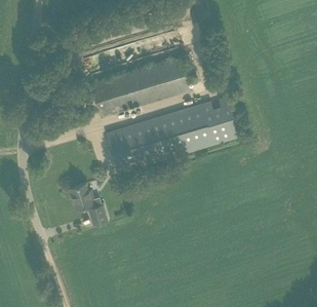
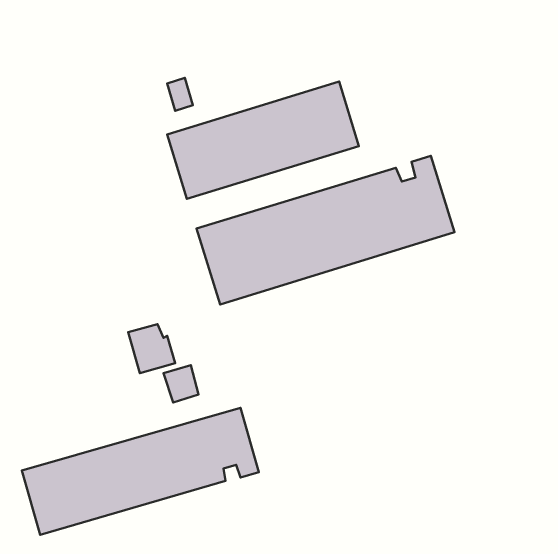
building: none -> [22,408,259,535]

